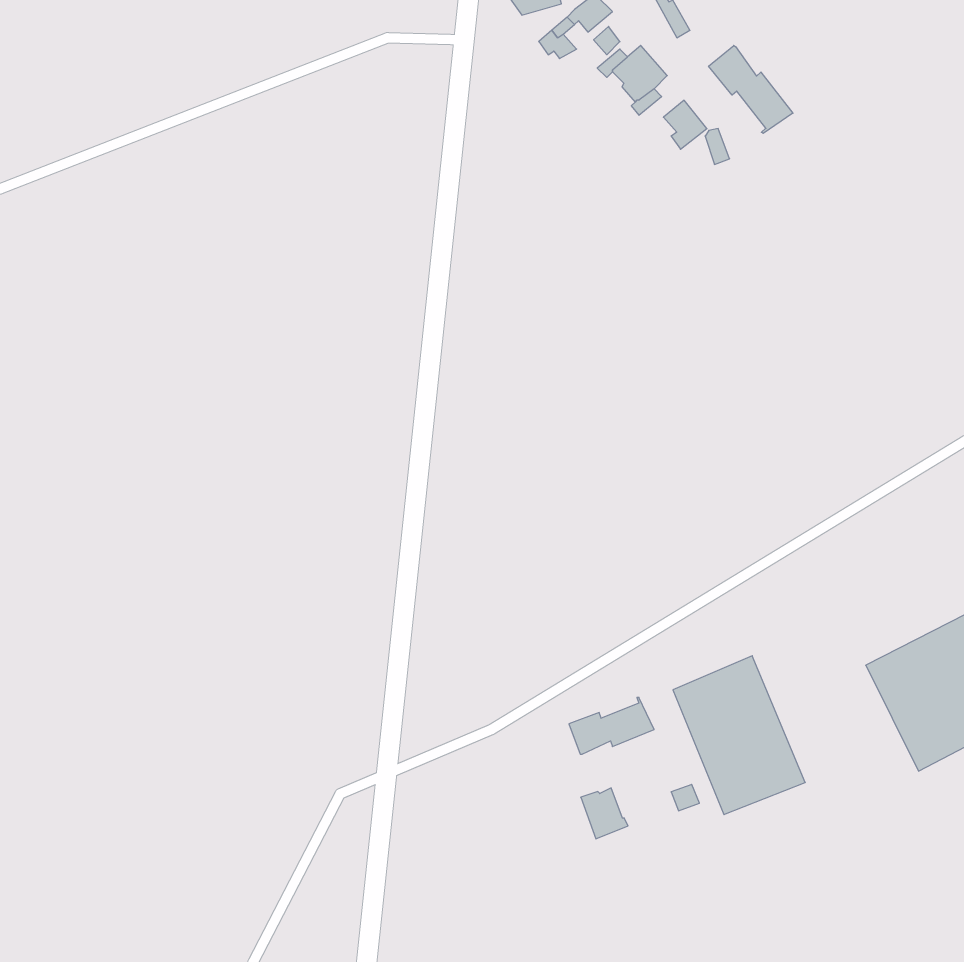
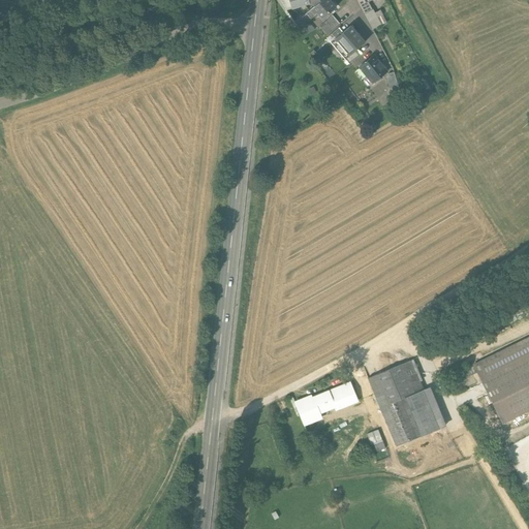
building: [709,45,793,133] -> none
building: [581,788,628,839] -> [295,396,321,424]

